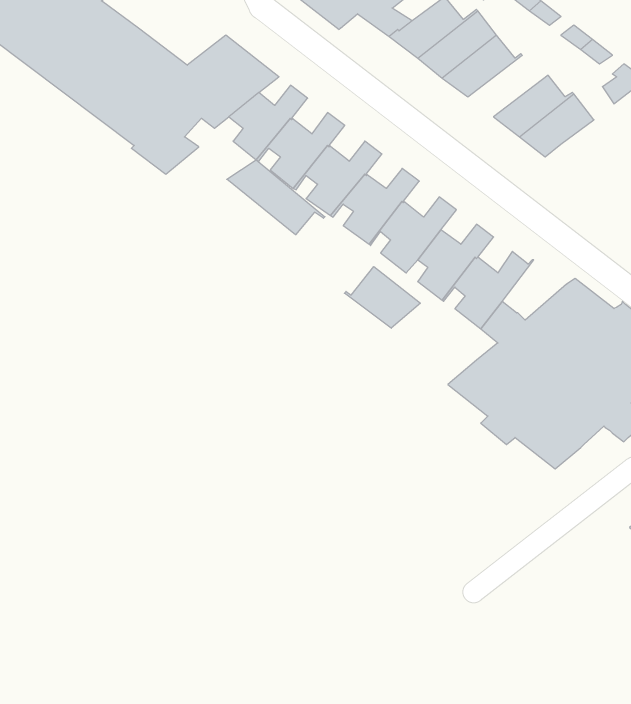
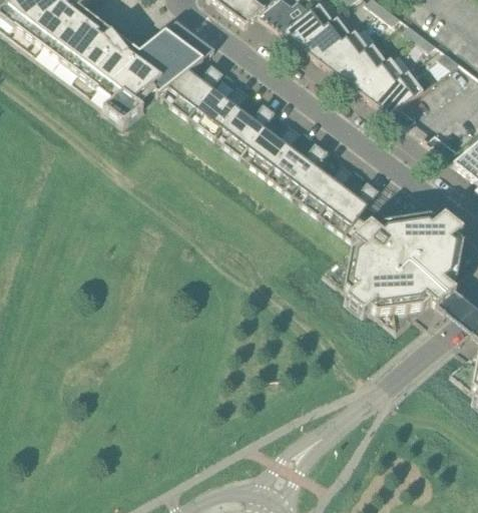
building: none -> [337,41,393,84]
building: [227,160,325,235] -> none
building: [344,267,420,328] -> none

